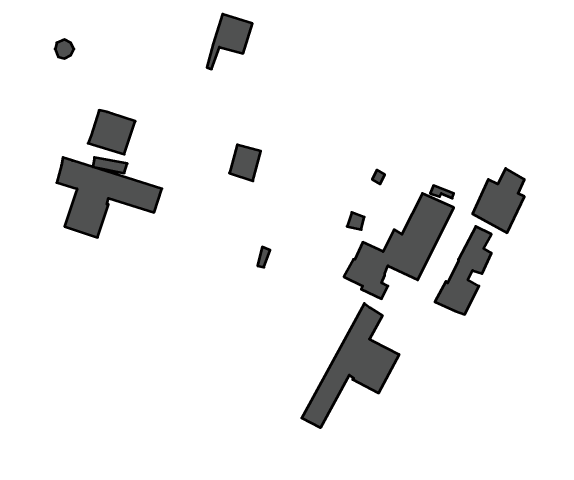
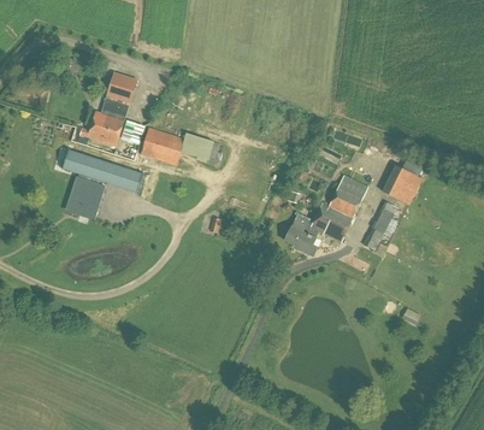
building: [207,14,252,69] -> [101,72,136,114]
building: none -> [140,128,184,165]
building: [302,303,399,428] -> none

